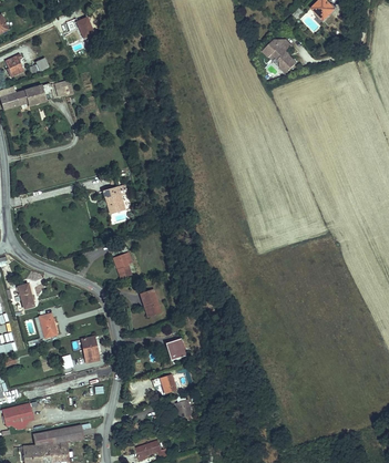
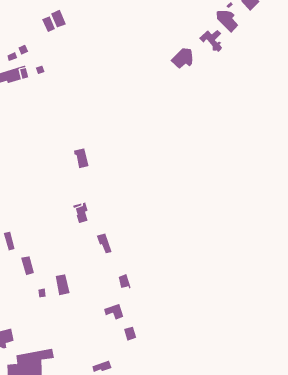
building: none -> [216,10,239,34]
building: none -> [170,48,193,70]

